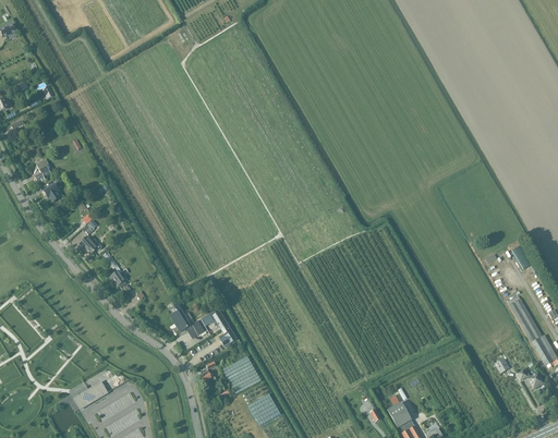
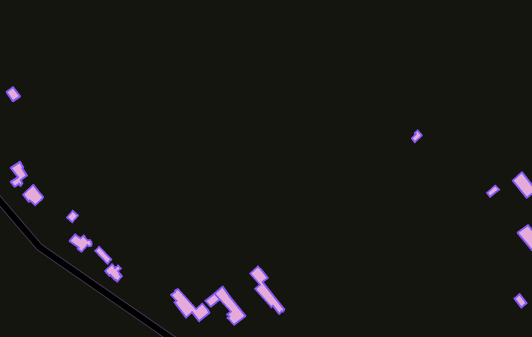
building: none -> [250,266,284,314]

